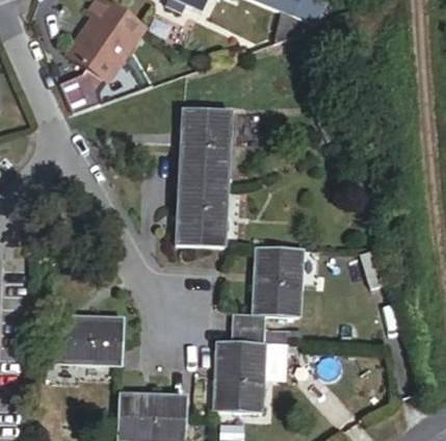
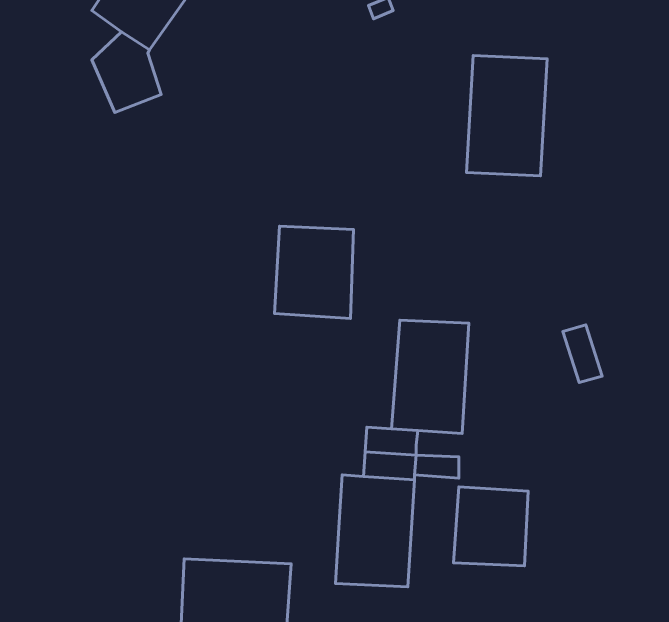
building: [180,113,231,189] -> [467,55,547,176]
building: [55,314,124,366] -> none
building: none -> [454,487,528,566]

